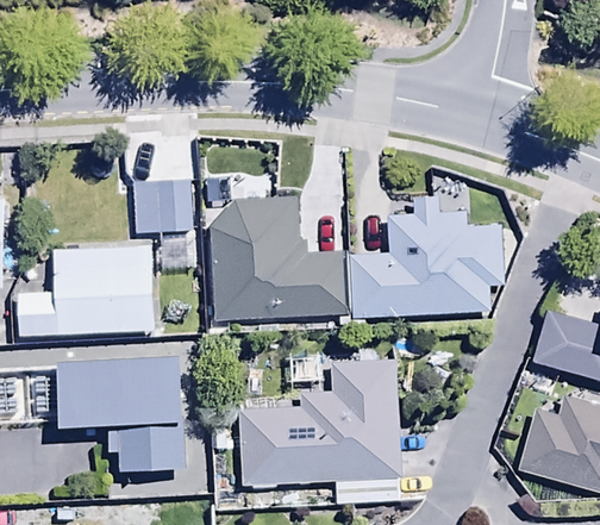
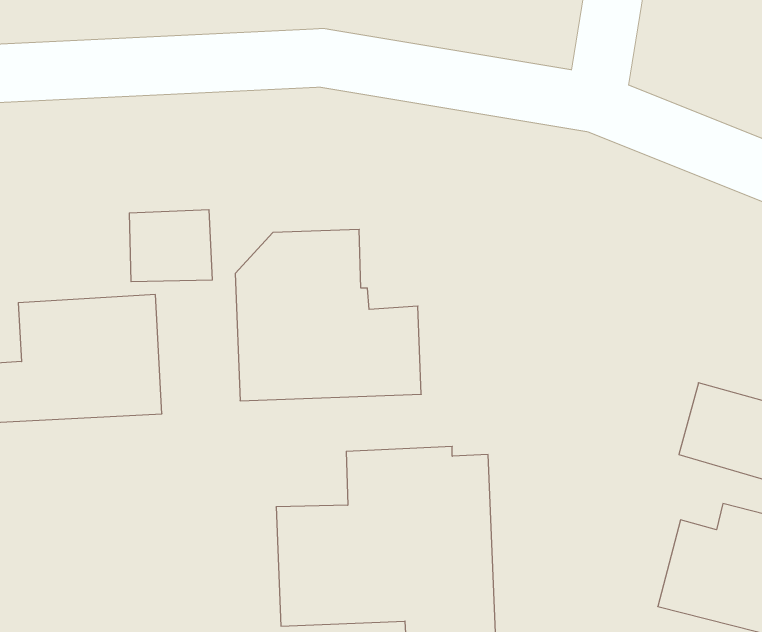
building: [346,200,501,321] -> none
building: [58,357,186,471] -> none

